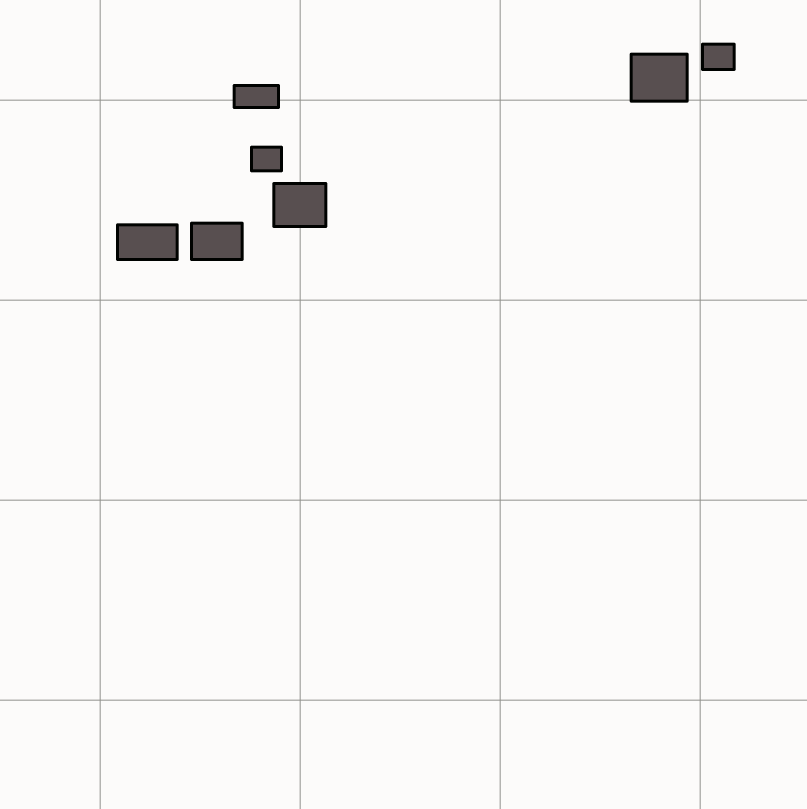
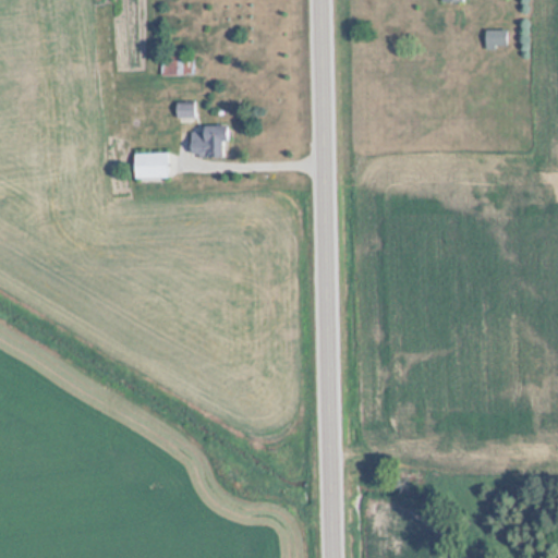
building: [631,54,687,101] -> none
building: [118,225,177,259] -> none

